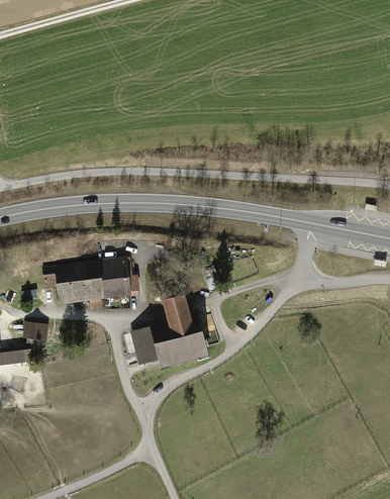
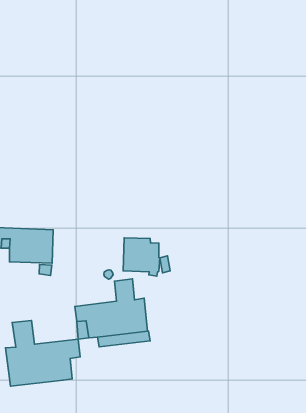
building: [98,259,136,294] -> [123,238,160,276]
building: none -> [5,321,80,386]

